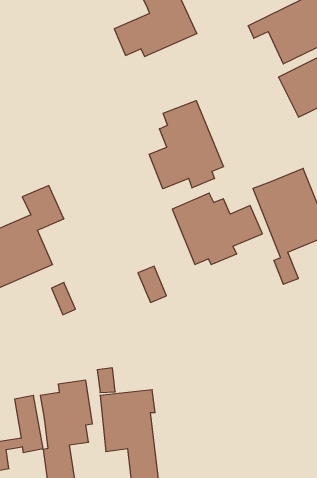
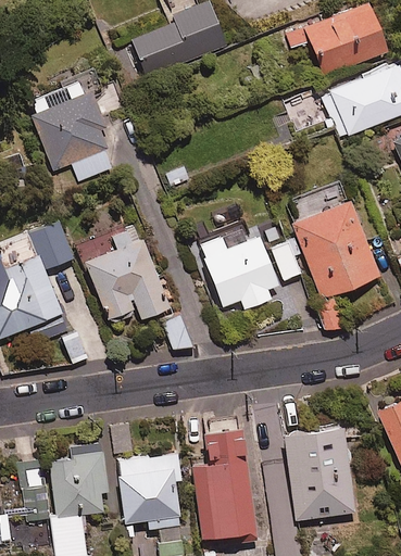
building: none -> [27,70,116,186]
building: [149,101,224,189] -> none
building: none -> [76,224,171,319]
building: none -> [189,421,258,547]
building: none -> [281,424,354,521]

